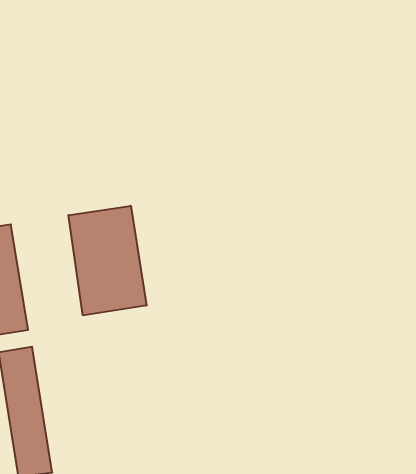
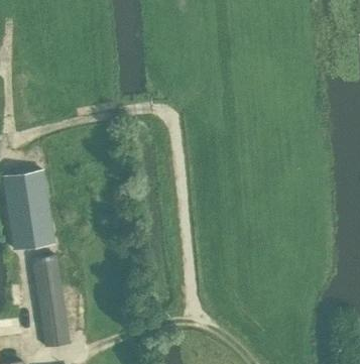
building: [68,206,147,315] -> none

